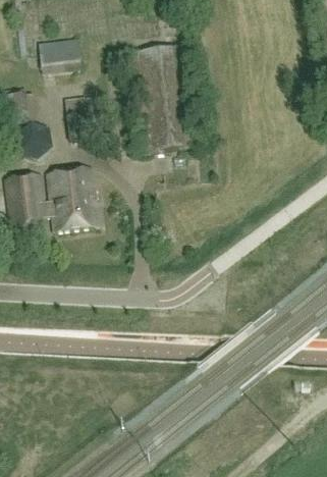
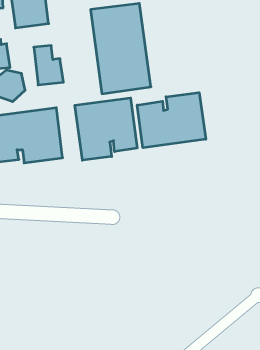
building: none -> [137,93,206,148]
building: none -> [75,98,137,160]

